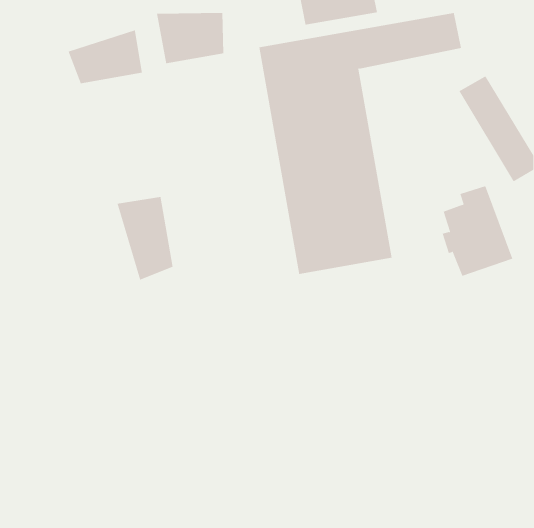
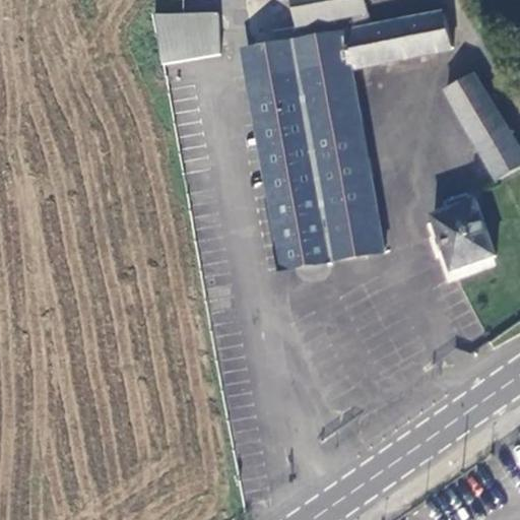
building: [68,30,142,84] -> none
building: [117,196,173,281] -> none

